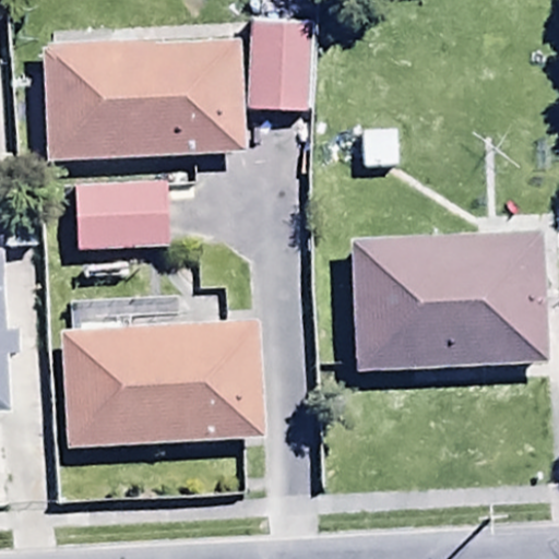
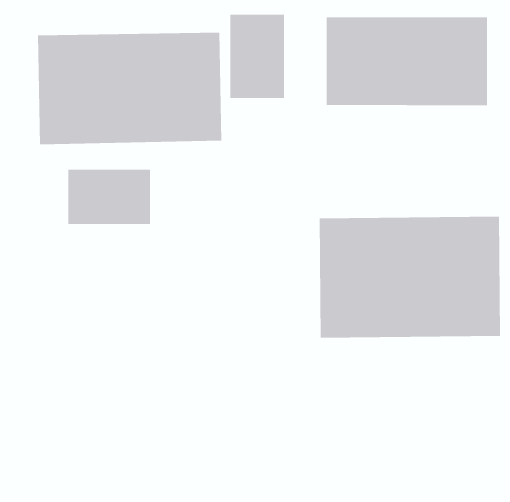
building: none -> [326,16,487,106]
building: [58,326,266,448] -> none

